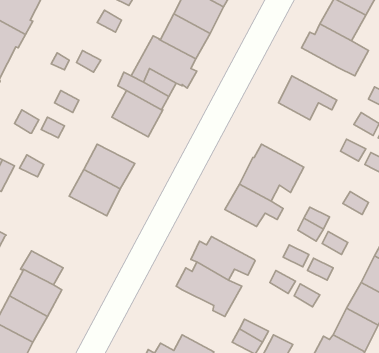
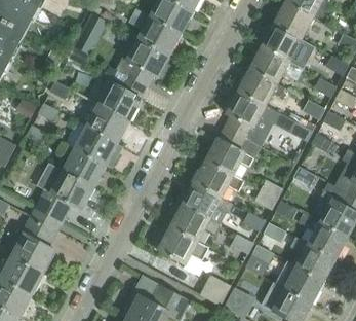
building: none -> [249,47,303,83]
building: none -> [224,92,278,146]
building: none -> [85,104,128,143]
building: none -> [36,171,93,219]
building: none -> [175,182,232,224]

